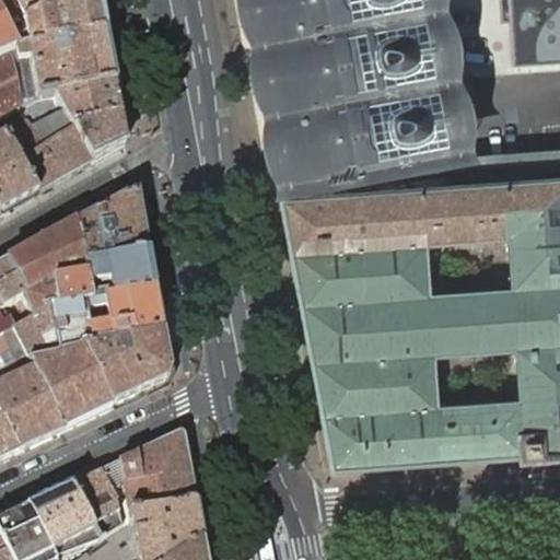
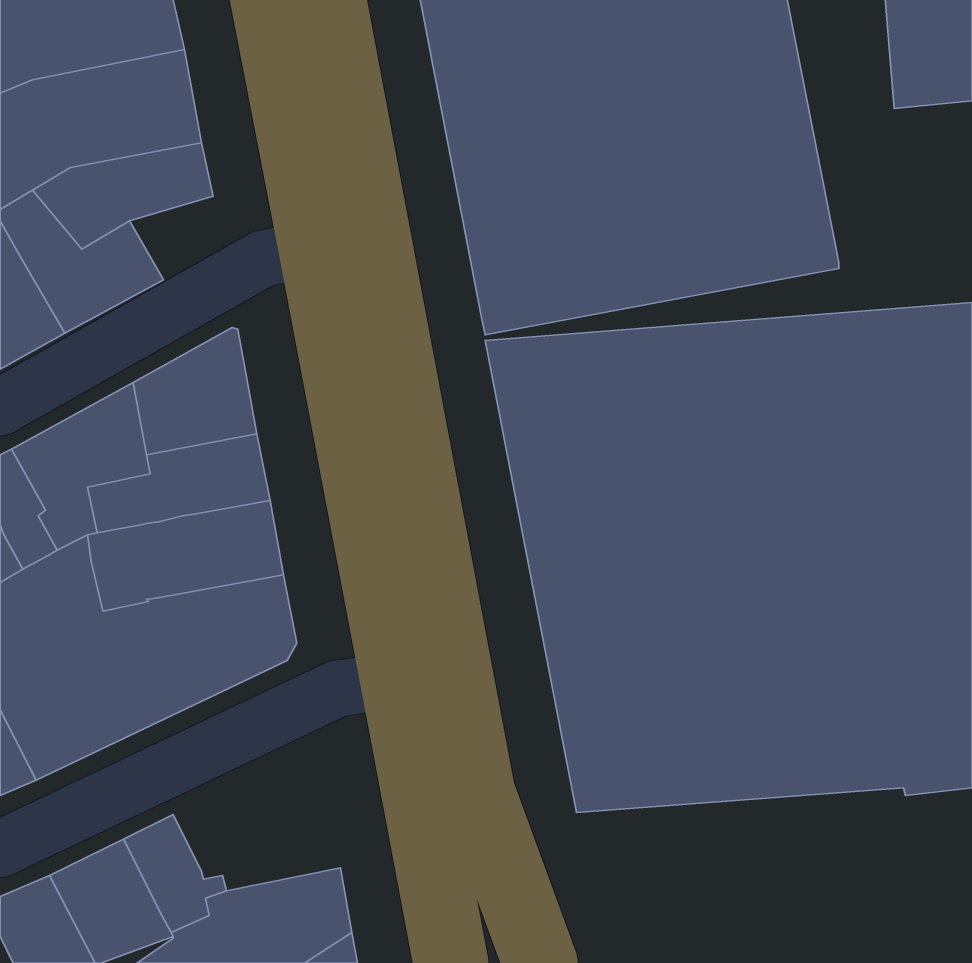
building: [74,113,127,161] -> none
building: [100,431,196,512] -> none

